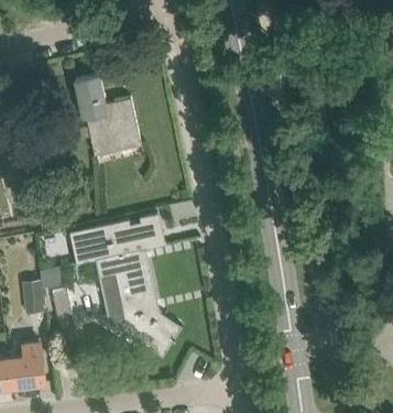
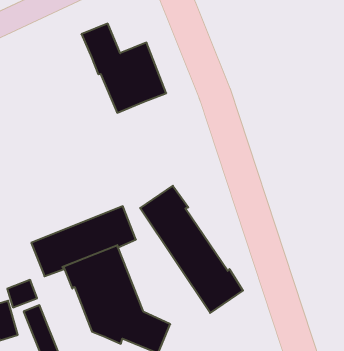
building: [74,75,141,156] -> [81,24,166,113]
building: none -> [140,186,243,313]

